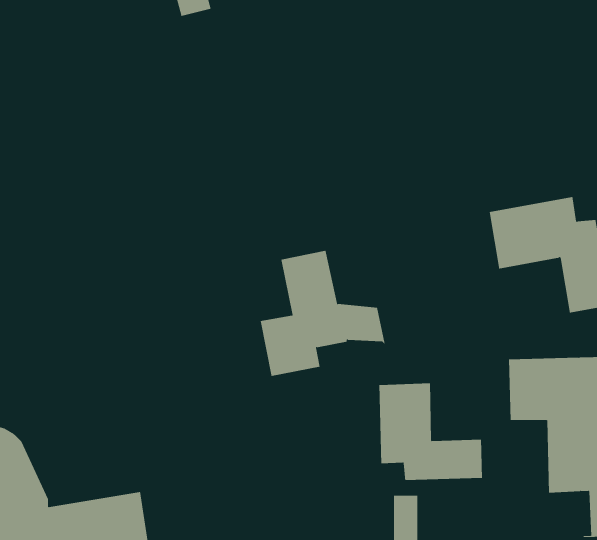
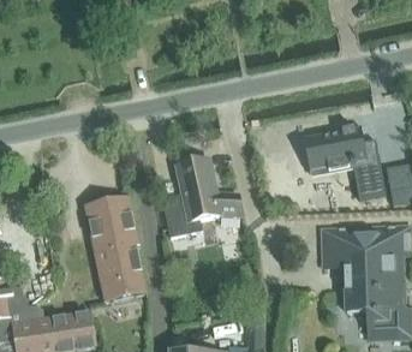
building: none -> [83,196,145,300]
building: [379,382,482,481] -> none

